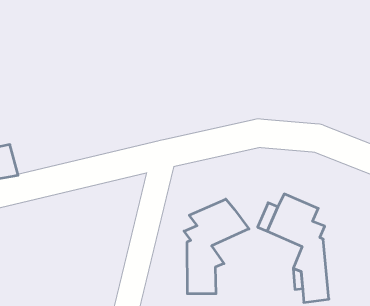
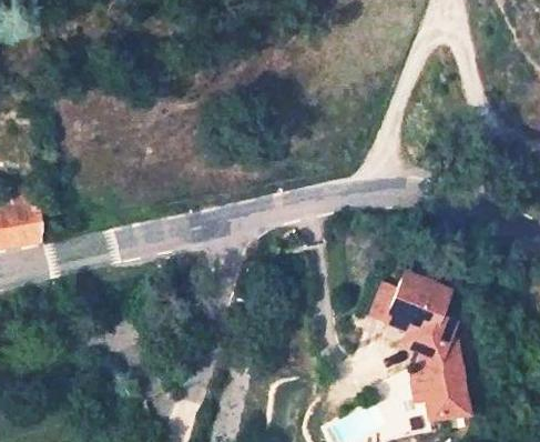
building: [184,199,249,294] -> none

